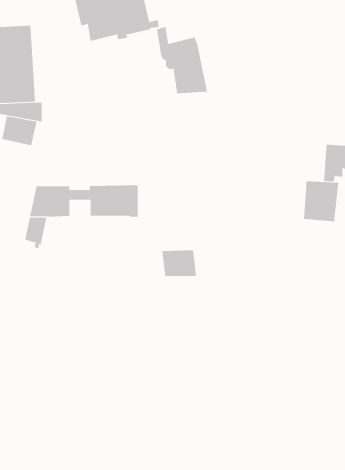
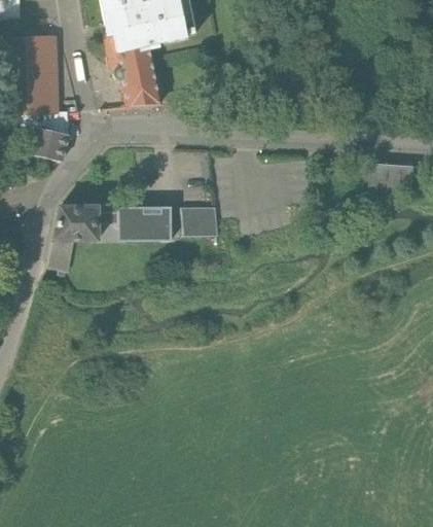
building: [157,26,208,94] -> [107,32,163,105]
building: [304,180,339,222] -> none
building: [161,250,197,276] -> [182,206,220,235]

